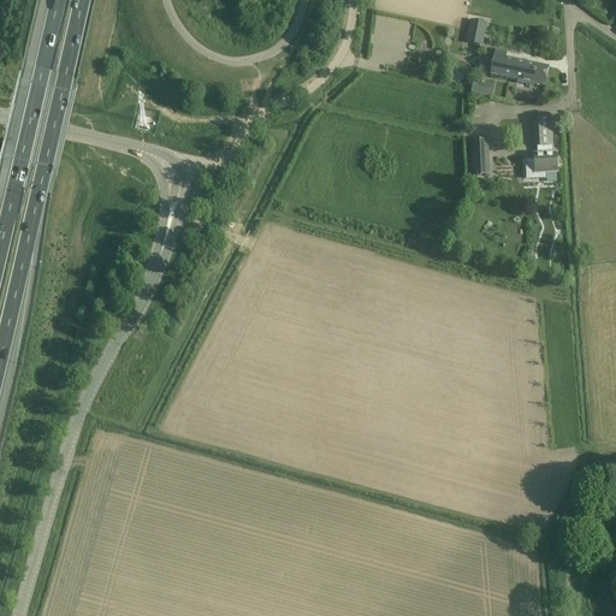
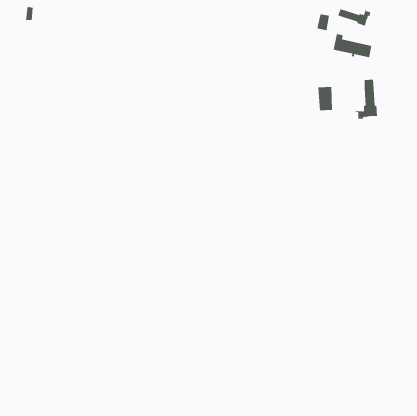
building: none -> [338,8,371,26]

